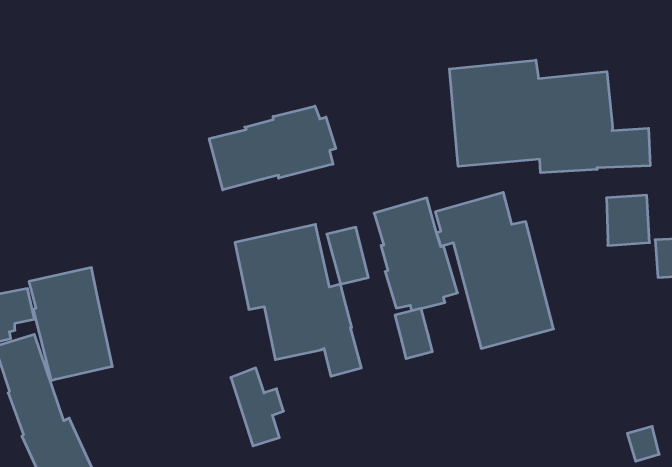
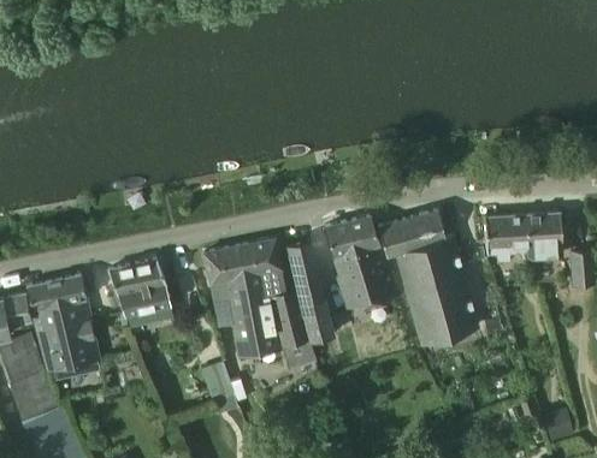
building: [449,60,650,173] -> none
building: [209,106,336,190] -> none
building: none -> [484,215,527,260]
building: none -> [108,260,172,328]
building: [395,308,432,359] -> [300,298,332,341]

